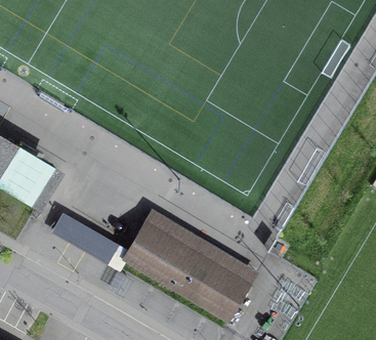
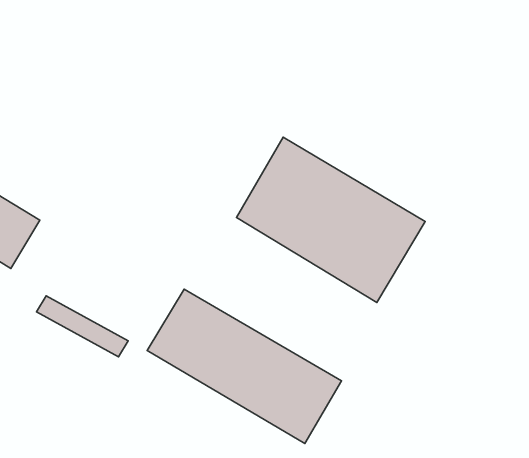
building: none -> [236,137,425,303]

